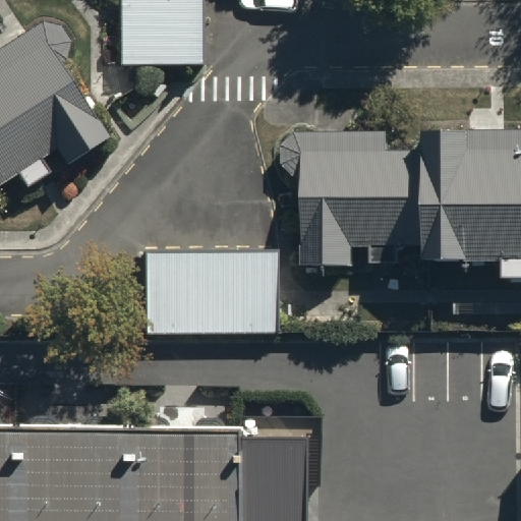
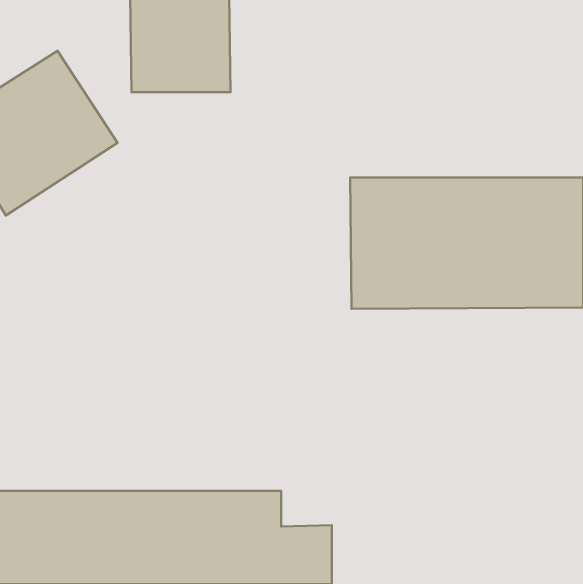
building: [143,242,280,332] -> none

